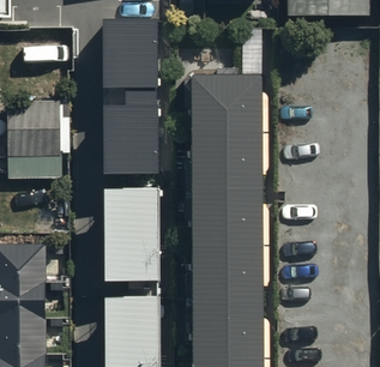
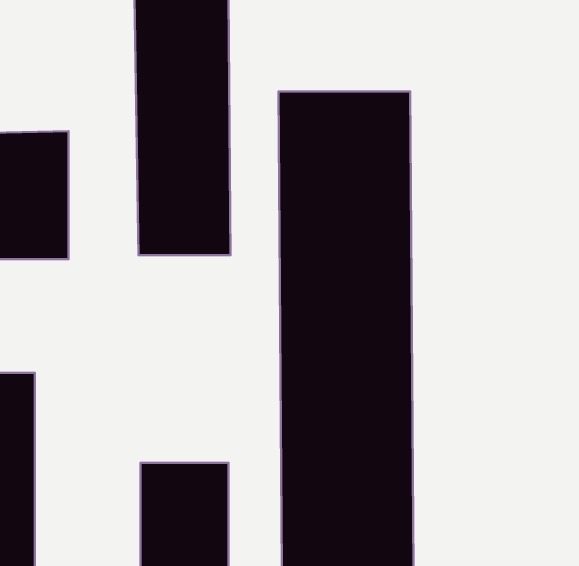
building: [105,189,156,283] -> none

